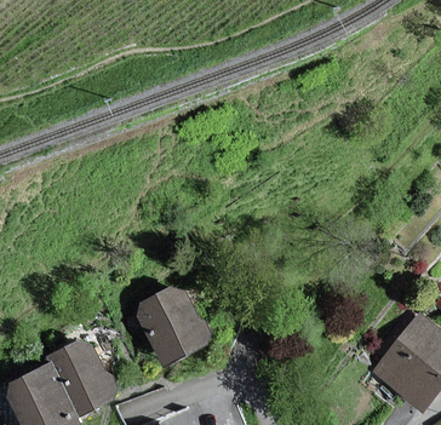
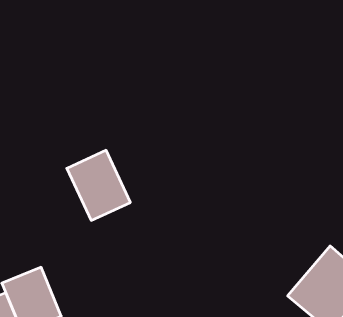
building: [136,287,208,367] -> [67,150,130,220]

